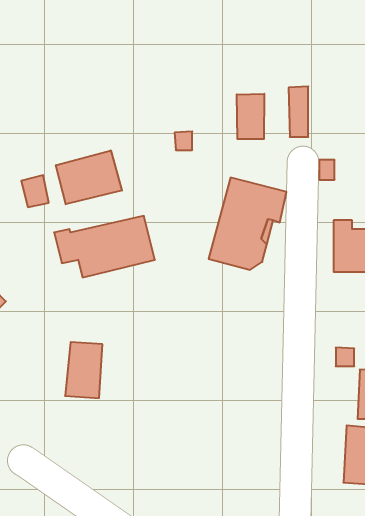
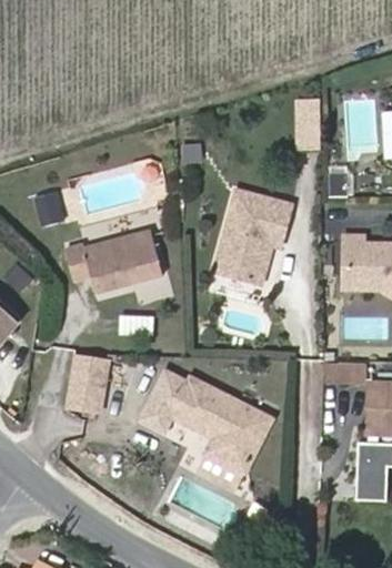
building: [237,94,264,139] -> none
building: [56,150,122,204] -> none
building: none -> [143,372,272,471]

